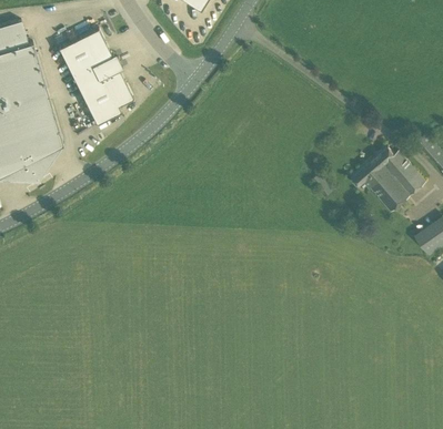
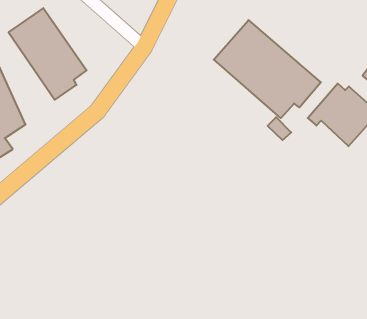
building: none -> [214,20,321,118]

